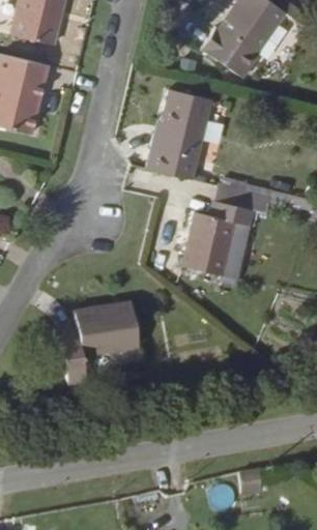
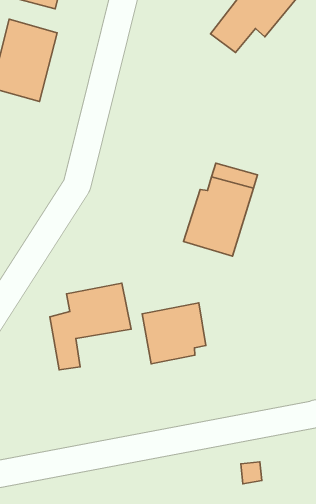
building: [154,90,220,180] -> none
building: none -> [142,303,206,364]

